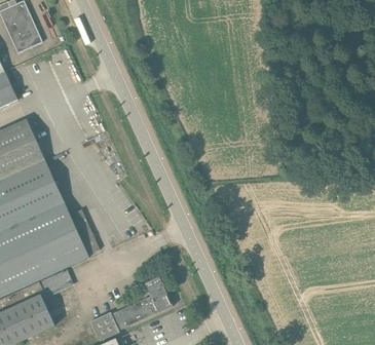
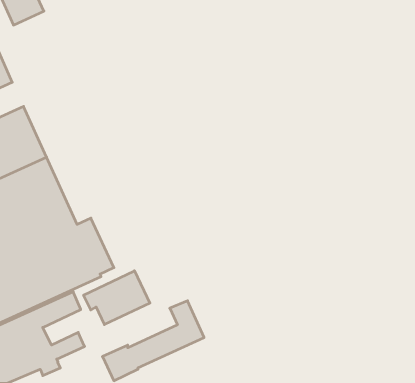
building: none -> [84,271,150,325]

